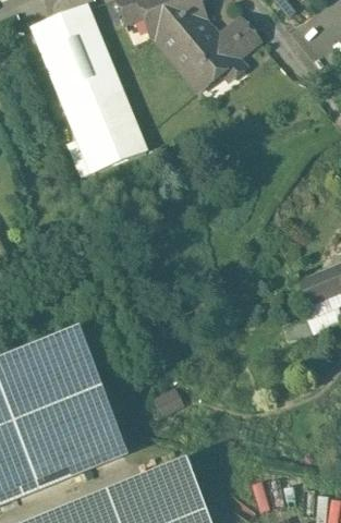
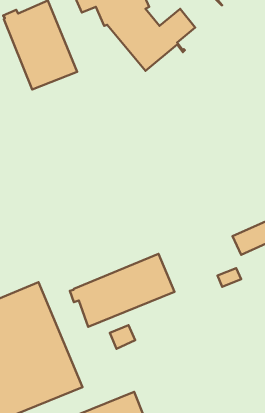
building: [68,87,145,169] -> none
building: none -> [70,254,174,327]

